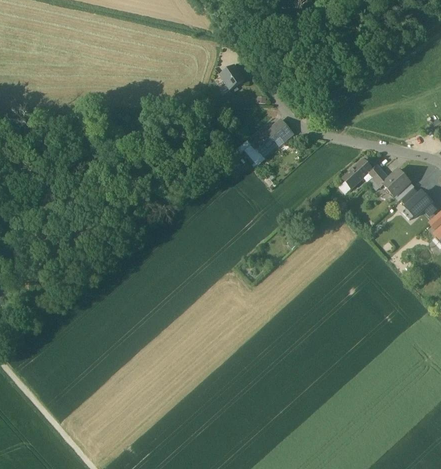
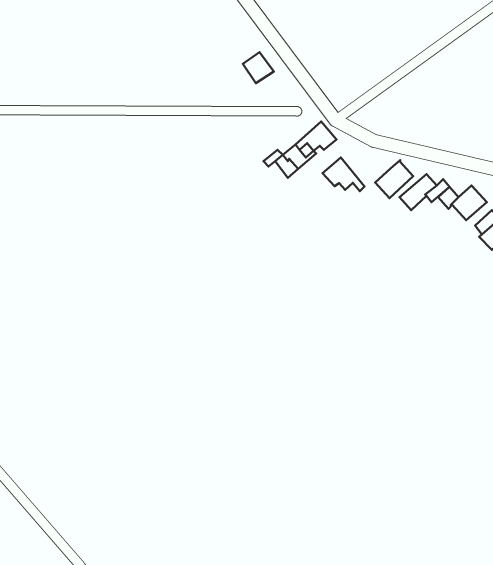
building: none -> [323,158,365,191]
building: none -> [375,160,413,198]

